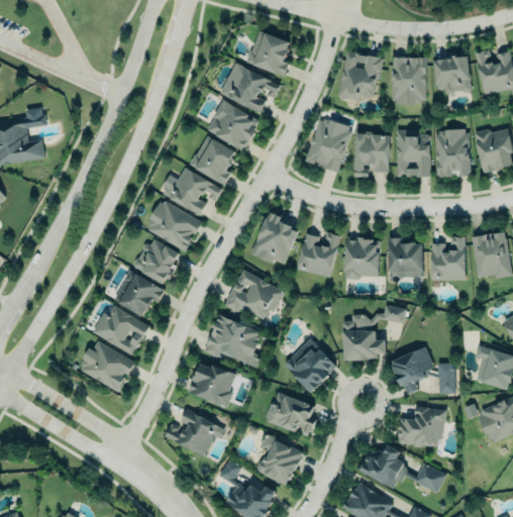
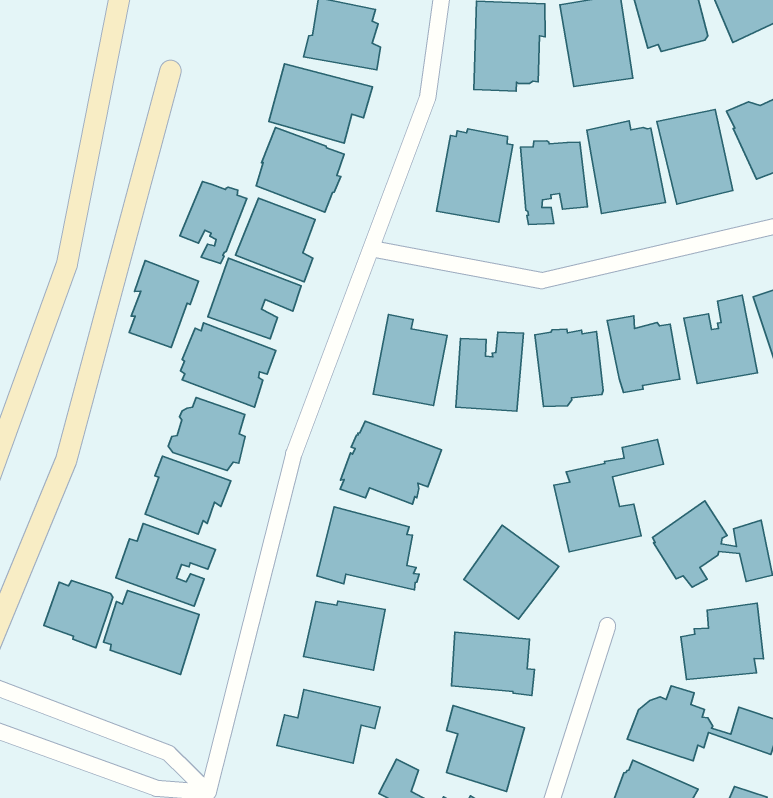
building: none -> [180,182,247,263]
building: none -> [129,261,198,347]
building: none -> [44,581,113,648]

